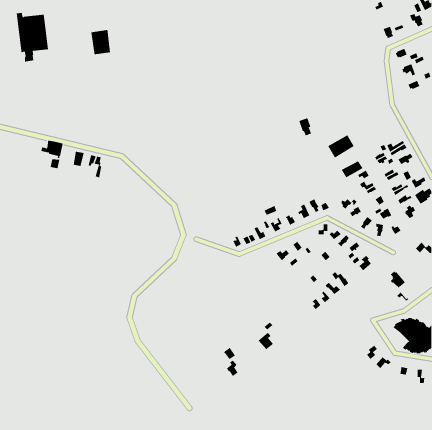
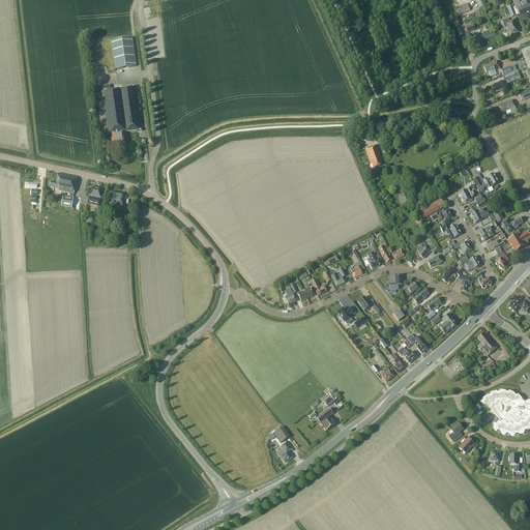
building: [16,12,49,62] -> [101,83,142,144]
building: [328,134,354,159] -> none

